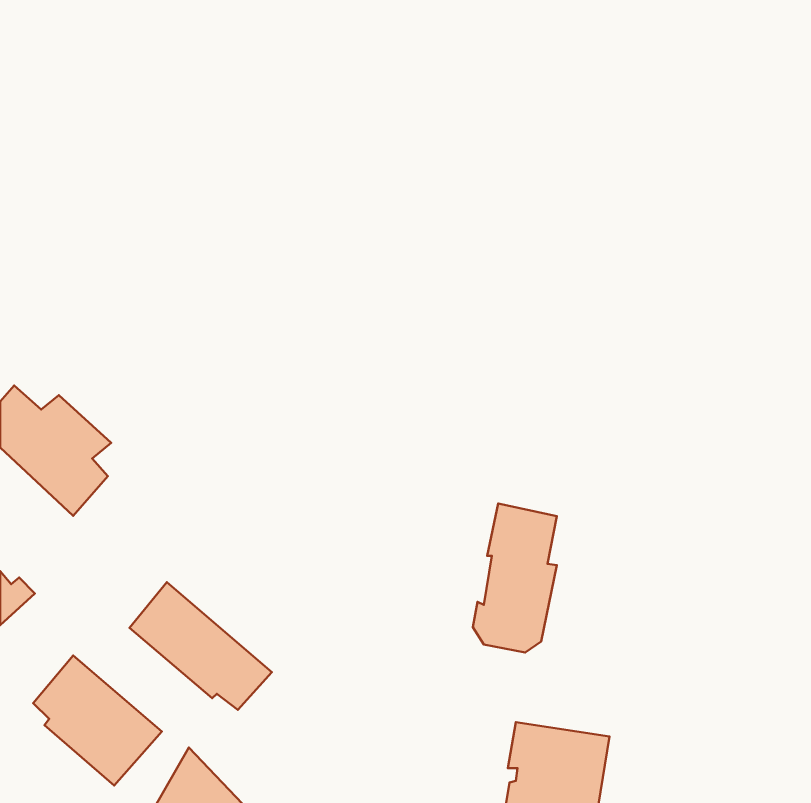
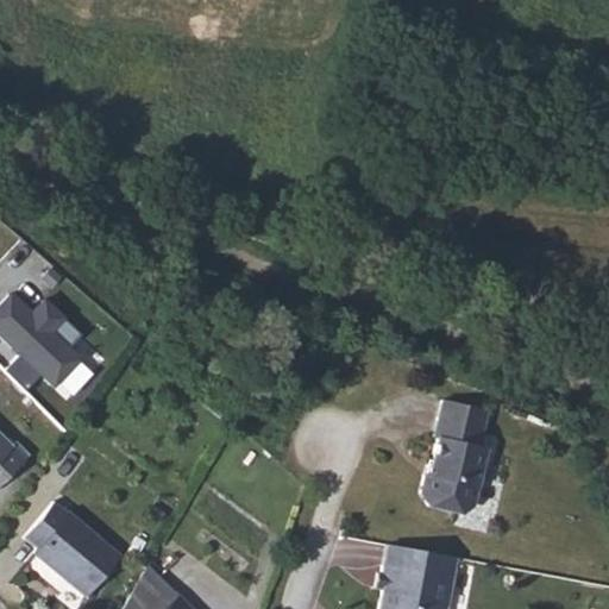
building: [473,503,557,653] -> [427,404,490,516]
building: [129,582,272,710] -> none

